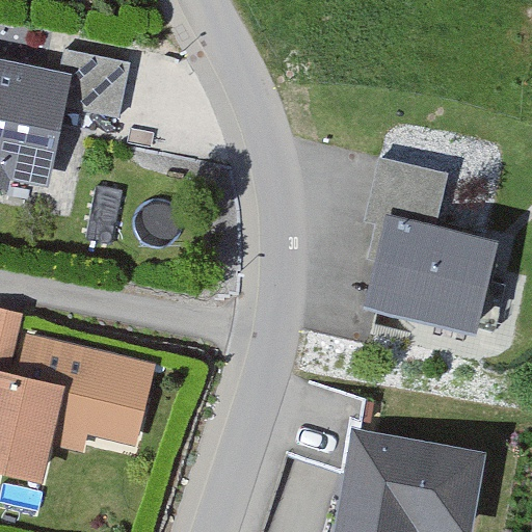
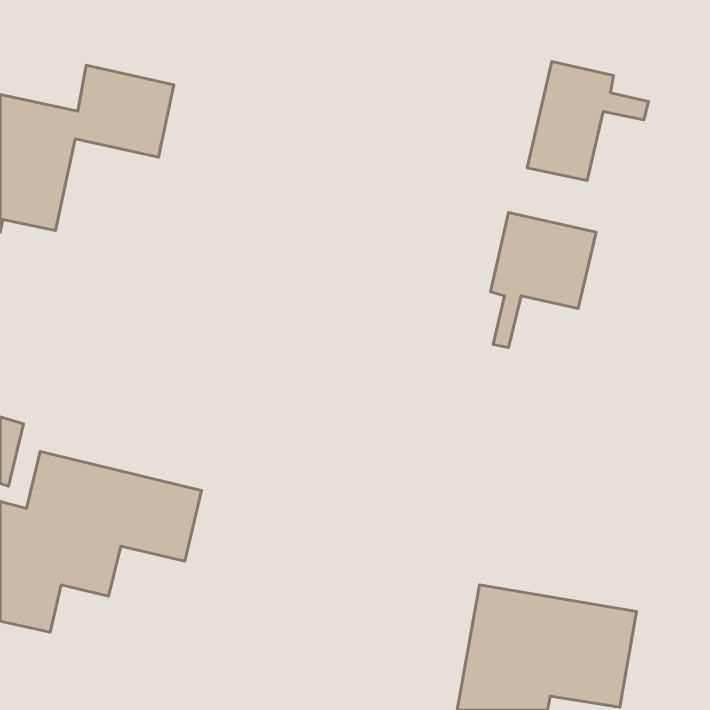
building: none -> [527,61,648,181]
building: [371,221,491,326] -> none

